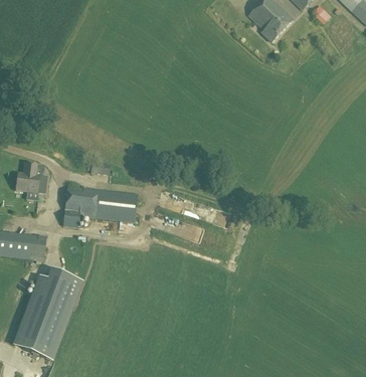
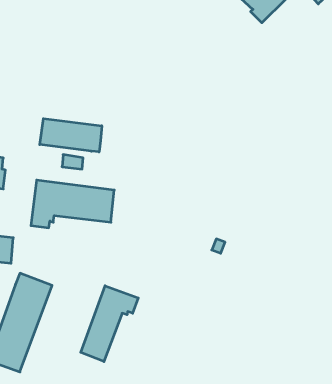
building: none -> [40,119,102,152]
building: none -> [81,286,138,362]

